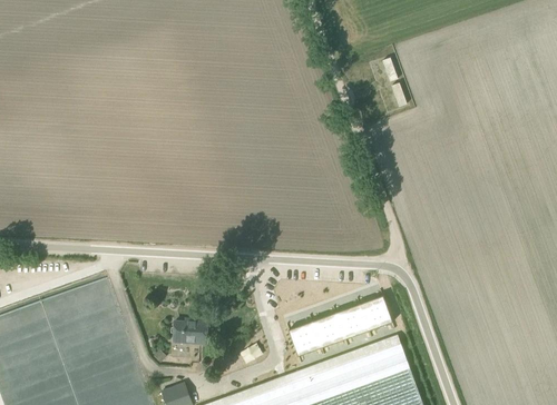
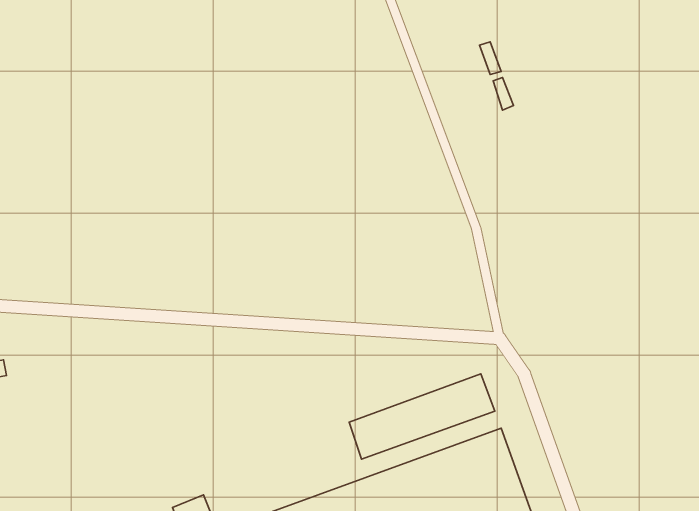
building: [174,323,209,347] -> none

